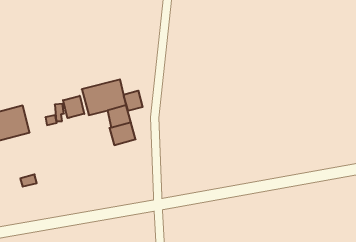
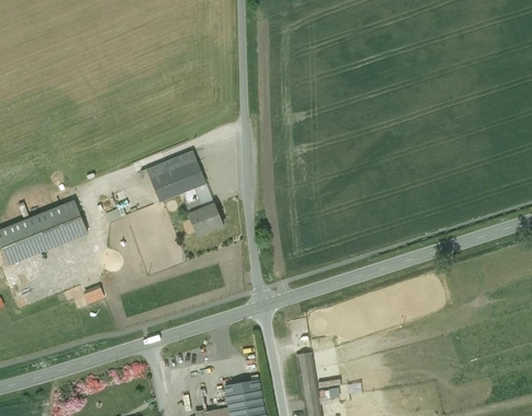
building: [124,91,143,111] -> none
building: [63,96,84,118] -> none

